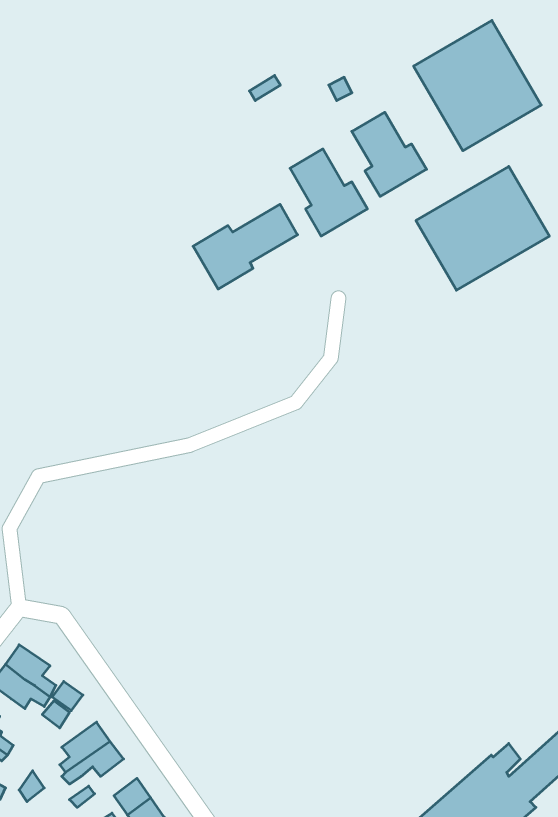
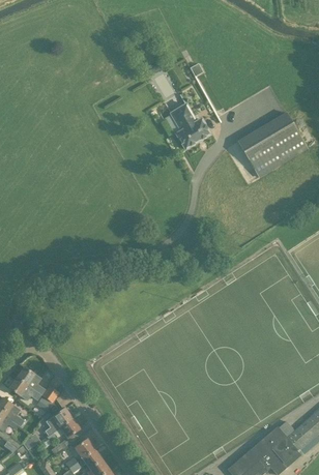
building: [414,20,541,151] -> none
building: [352,112,427,196] -> none
building: [193,204,298,289] -> none

